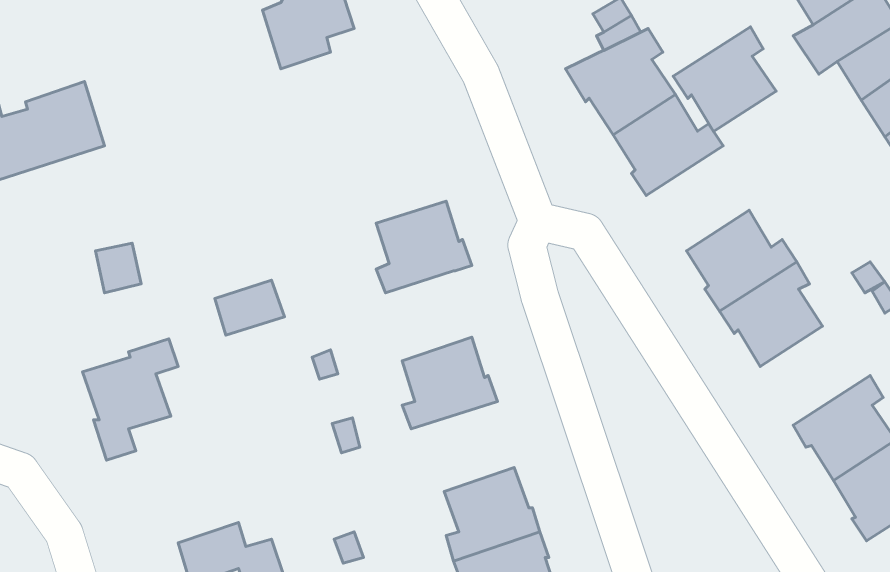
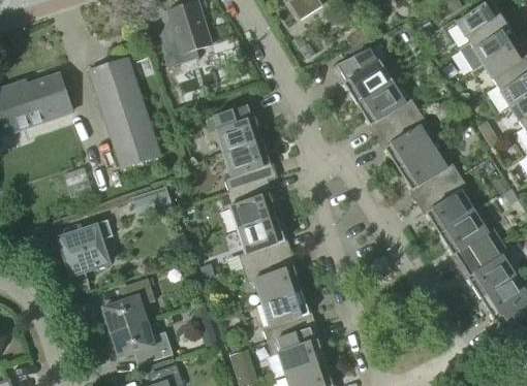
building: [673,27,776,131] -> [376,110,434,169]
building: none -> [89,57,160,167]
building: none -> [205,103,264,154]
building: none -> [219,181,278,231]
building: none -> [440,212,502,267]
building: none -> [244,254,302,304]
building: none -> [103,278,155,333]

